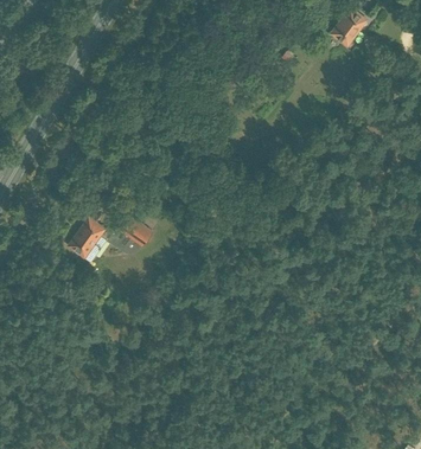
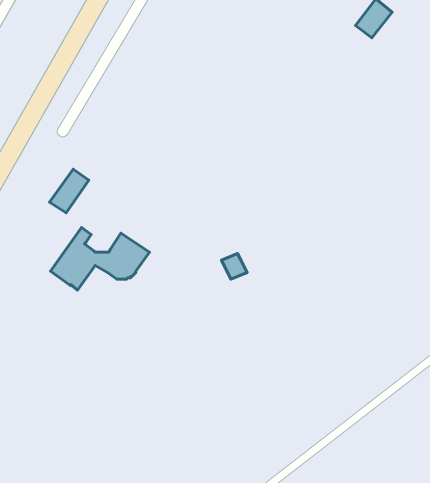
building: none -> [50,169,89,213]

